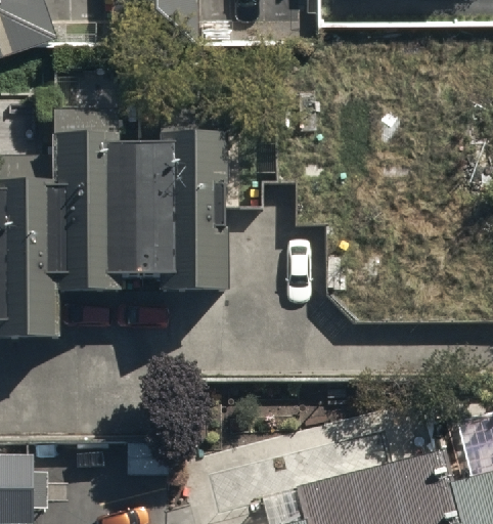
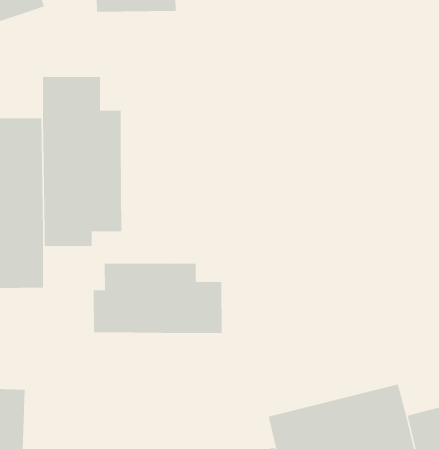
building: [138,111,227,297] -> none
building: none -> [93,263,222,334]

